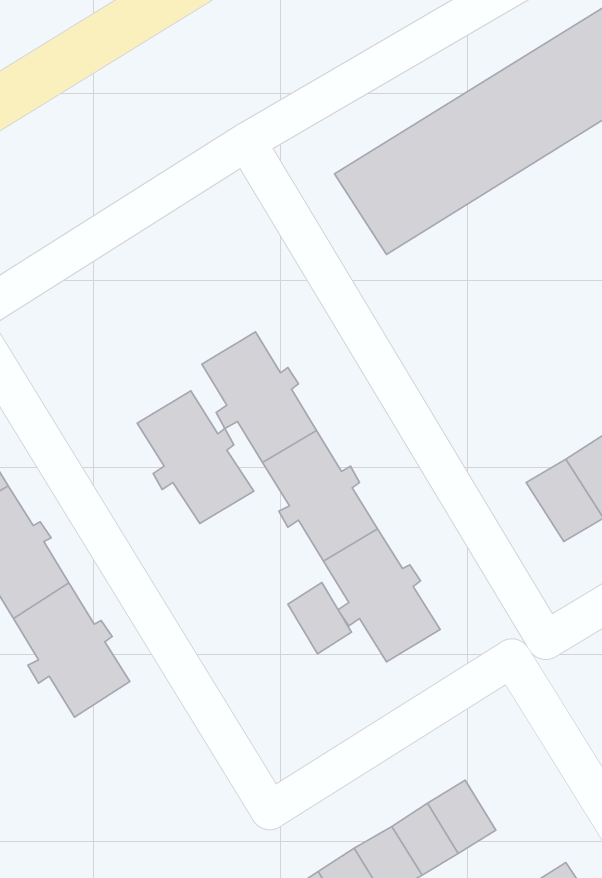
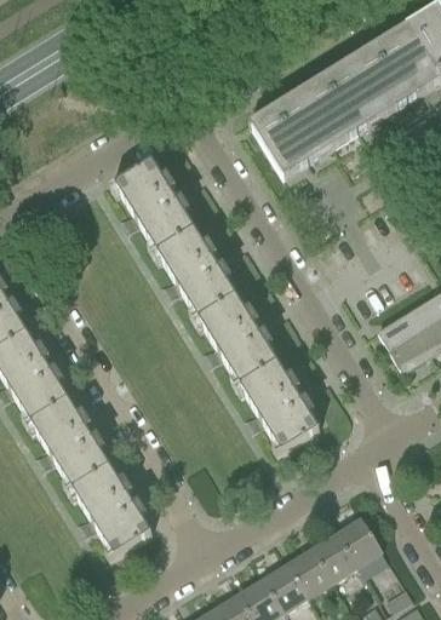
building: [137,391,254,524] -> [116,162,195,252]
building: [288,583,351,654] -> none
building: none -> [73,466,153,558]
building: none -> [337,518,382,567]

